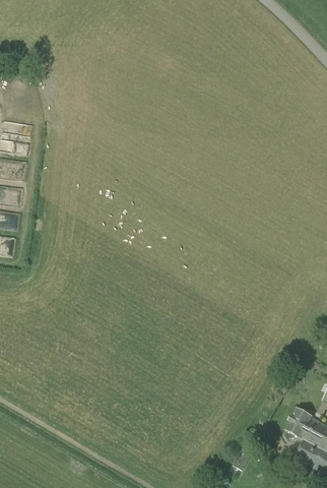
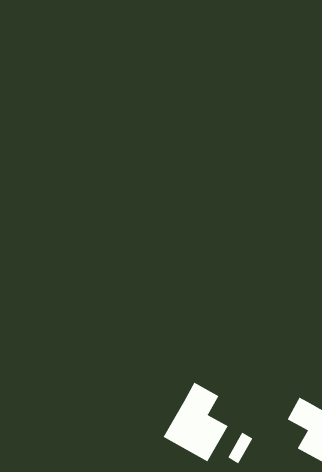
building: none -> [163,382,228,462]

